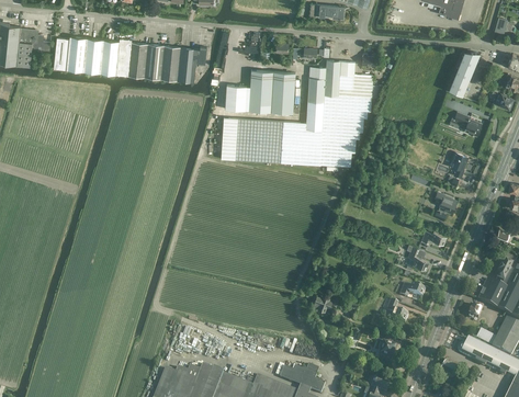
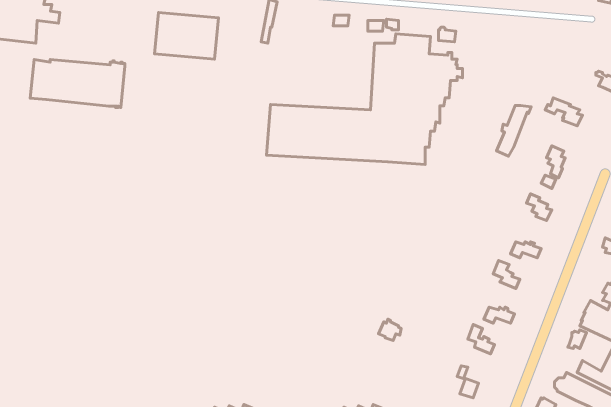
building: [54,36,132,76] -> [30,59,125,107]
building: [178,46,207,82] -> none
building: [450,52,478,93] -> [496,105,531,156]
building: [225,69,295,113] -> none

